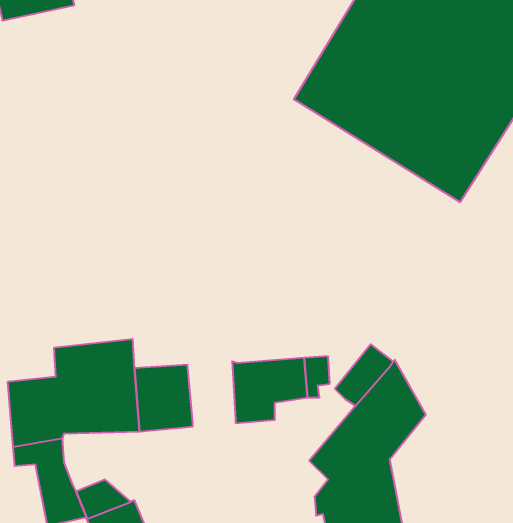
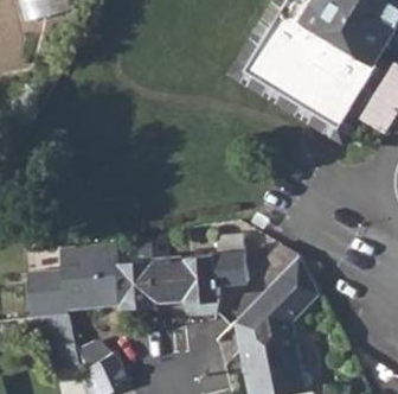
building: none -> [153,255,186,298]

